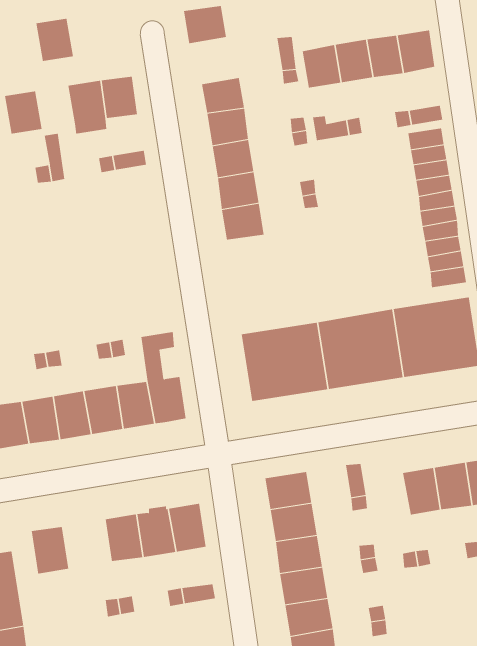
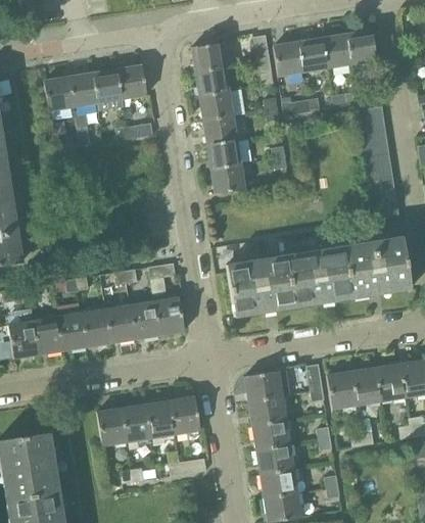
building: [183,5,227,44] -> [192,42,226,72]
building: [36,18,74,62] -> [68,73,98,106]
building: none -> [328,372,358,409]
building: [31,526,69,574] -> [97,408,127,444]

